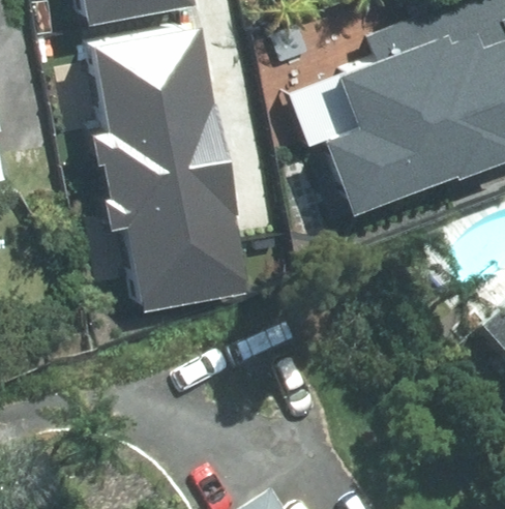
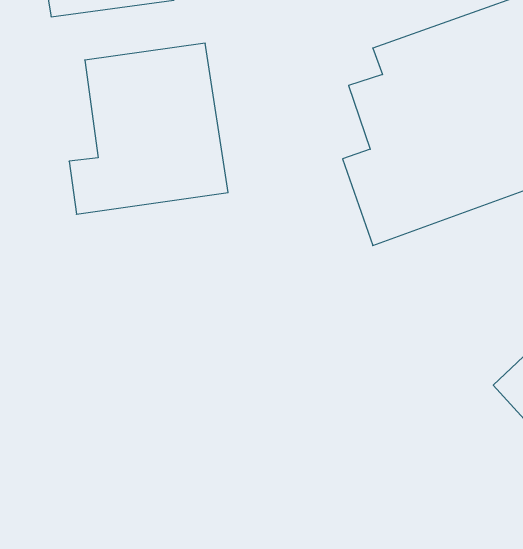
building: [100,169,249,313] -> none

